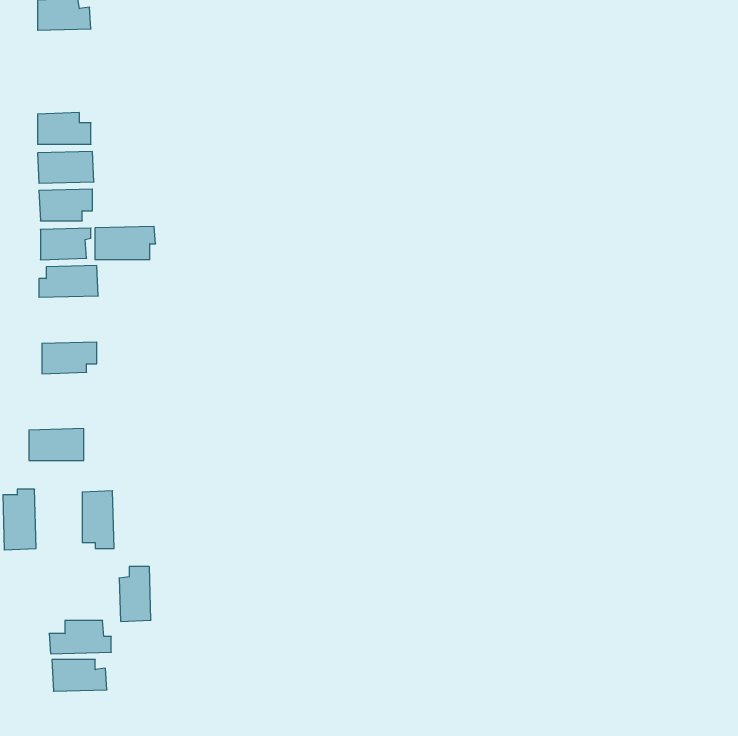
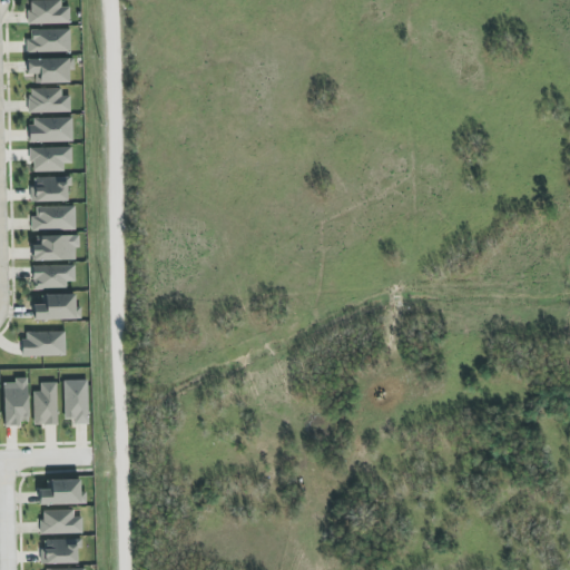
building: none -> [28,28,70,51]
building: none -> [27,57,73,82]
building: [95,226,156,260] -> [32,234,79,259]
building: none -> [33,293,80,318]
building: [119,567,151,621] -> [32,382,57,424]
building: none -> [40,538,81,563]

